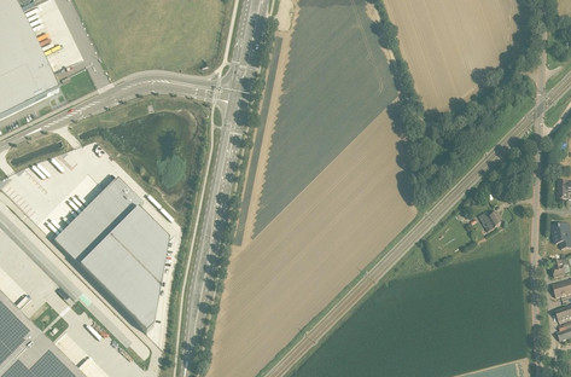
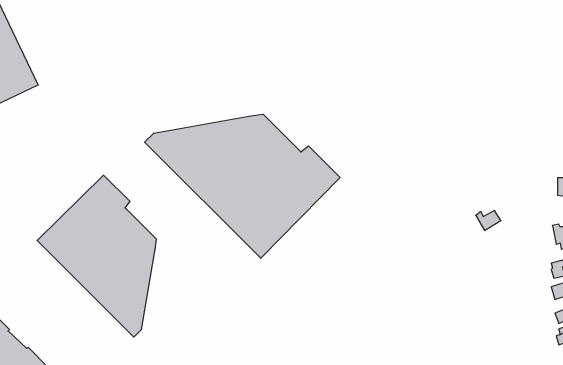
building: none -> [145,114,340,258]

